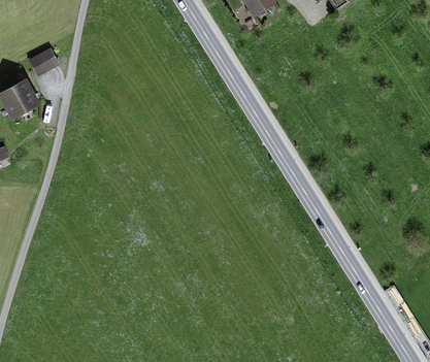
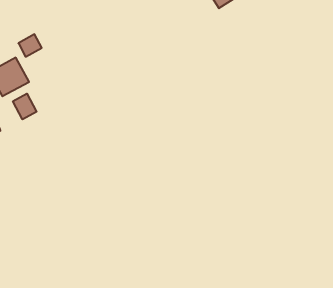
building: none -> [13,94,37,119]

